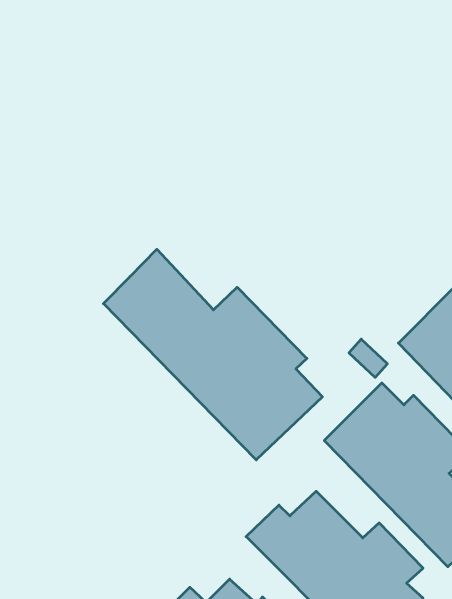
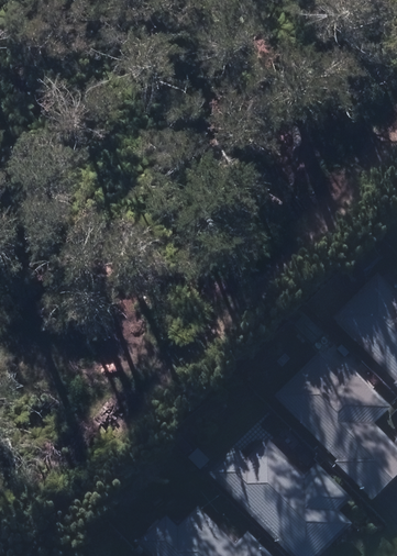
building: [103,249,322,460] -> none

